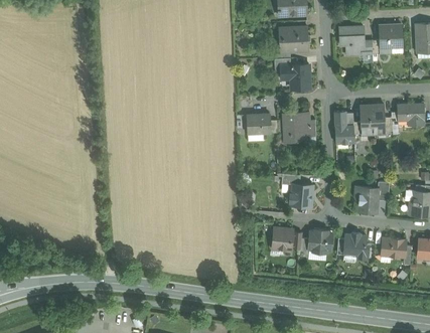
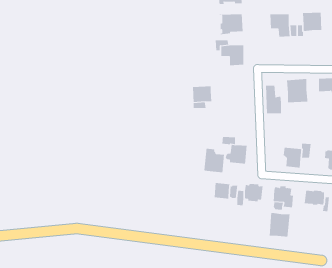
building: [283,113,316,142] -> none
building: none -> [204,148,224,173]
building: none -> [269,212,290,238]

